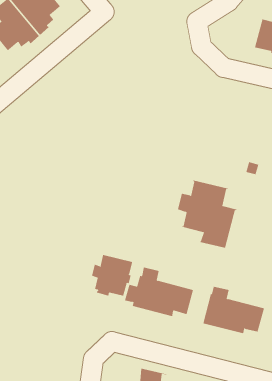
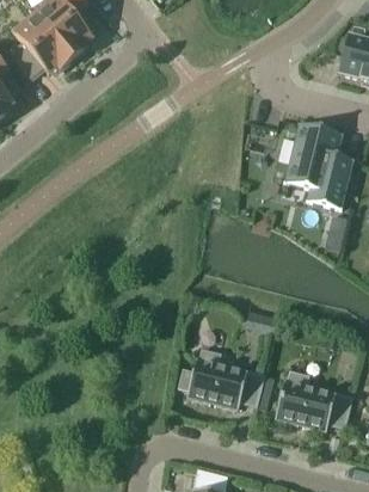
building: [177,180,237,249] -> [279,122,355,208]
building: [91,254,133,297] -> none

